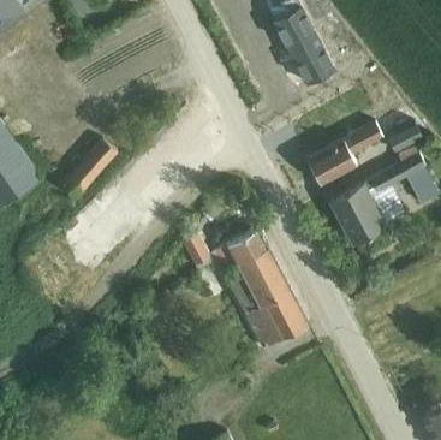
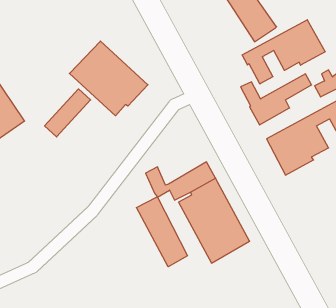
building: none -> [242,20,325,84]
building: none -> [69,41,148,116]
building: none -> [136,197,187,267]

